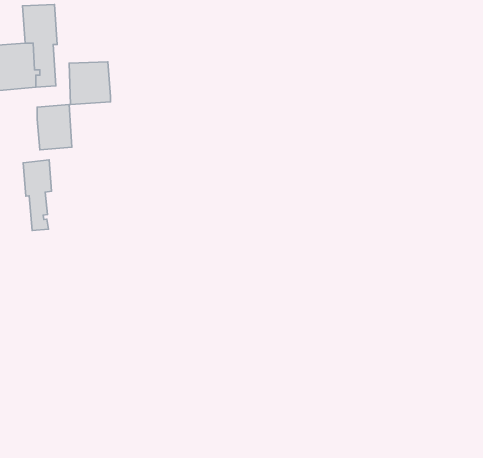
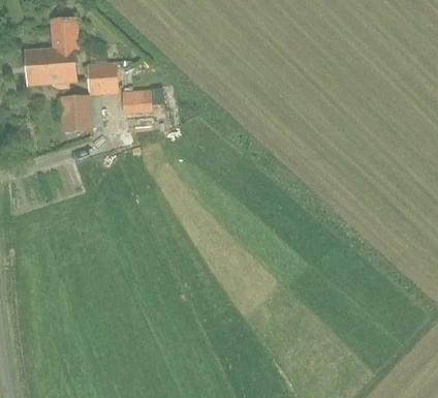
building: none -> [121,88,164,115]
building: [23,160,52,230] -> none

